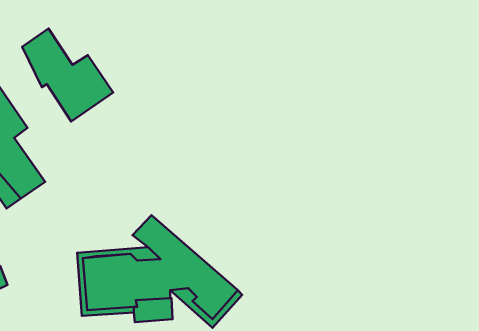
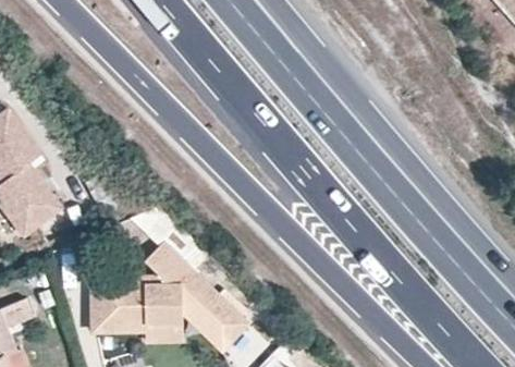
building: [22,29,113,121] -> none

